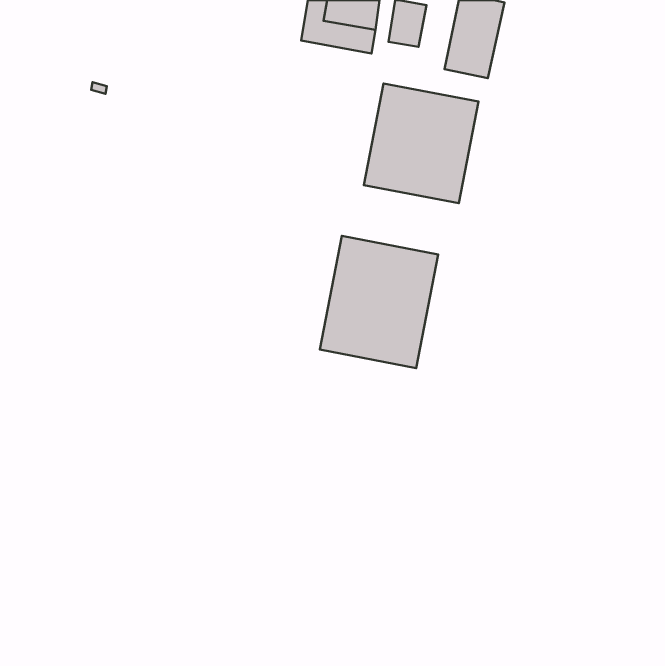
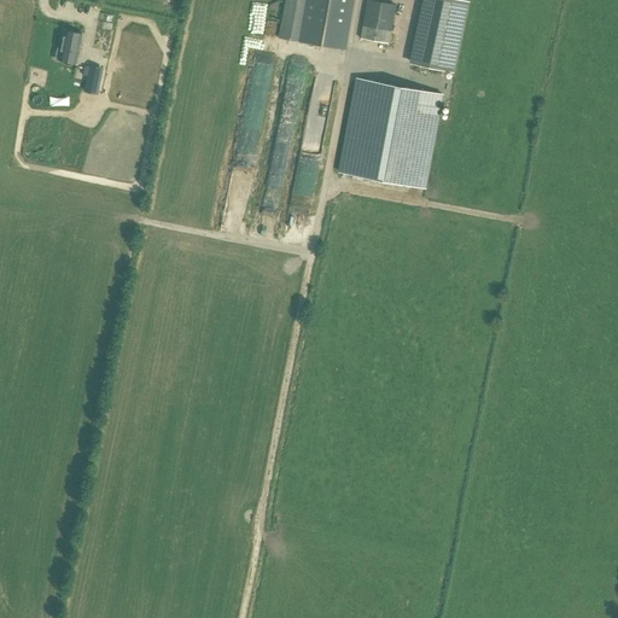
building: none -> [58,31,81,63]
building: [320,236,438,368] -> none

